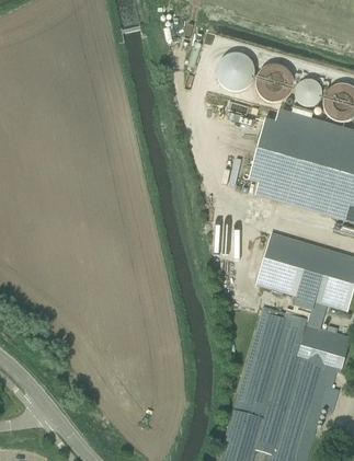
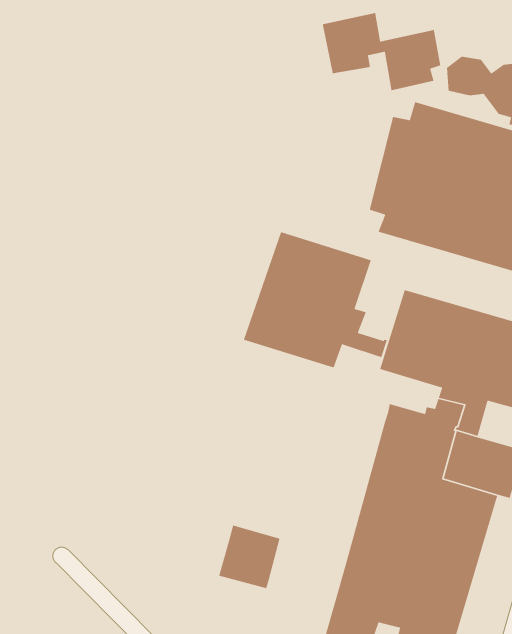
building: none -> [243,231,388,369]
building: none -> [218,524,280,589]

